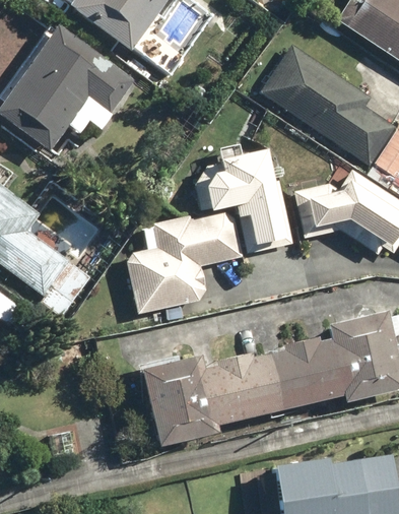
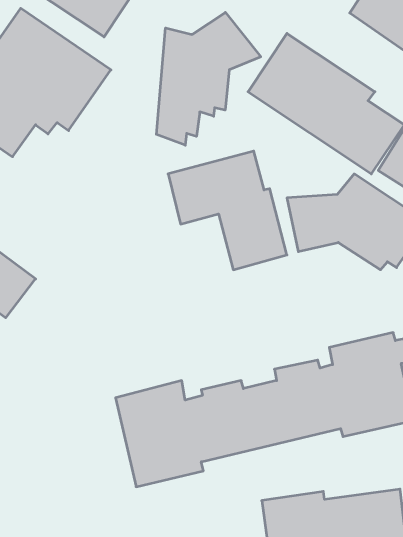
building: none -> [156,12,261,145]
building: [125,211,242,315] -> none

